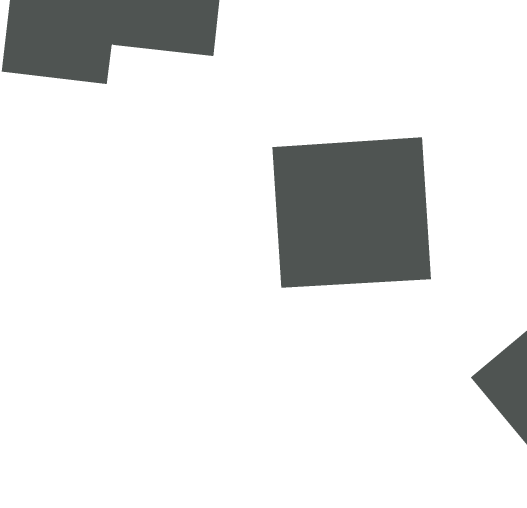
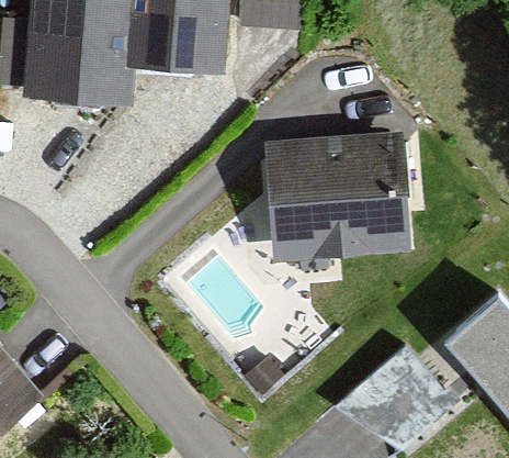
building: none -> [346,332,461,446]

